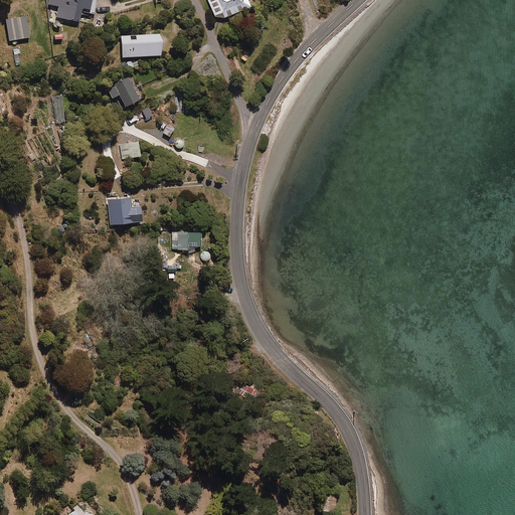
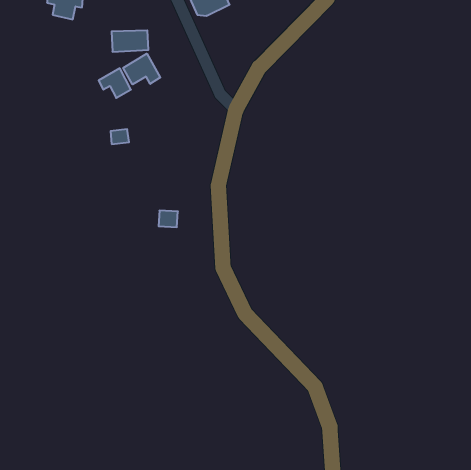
building: [6,15,29,39] -> none
building: none -> [123,54,160,84]
building: [109,198,143,225] -> none

